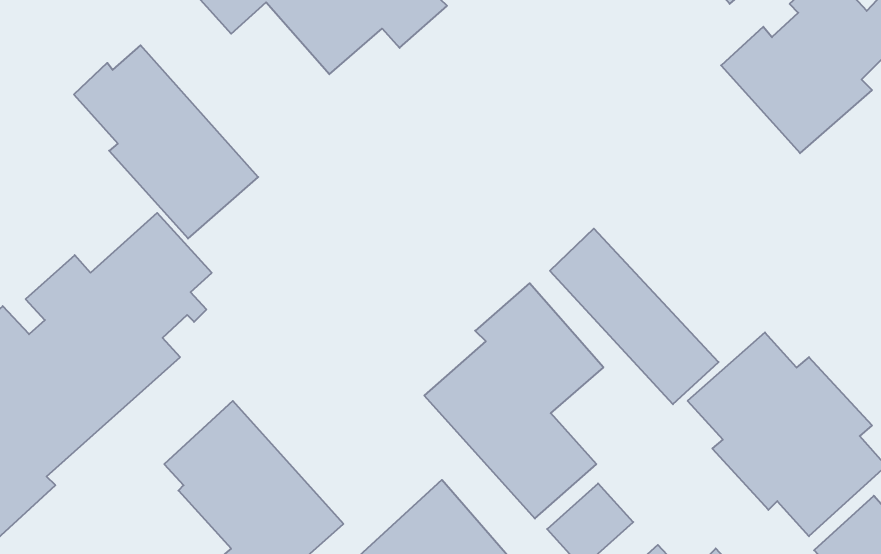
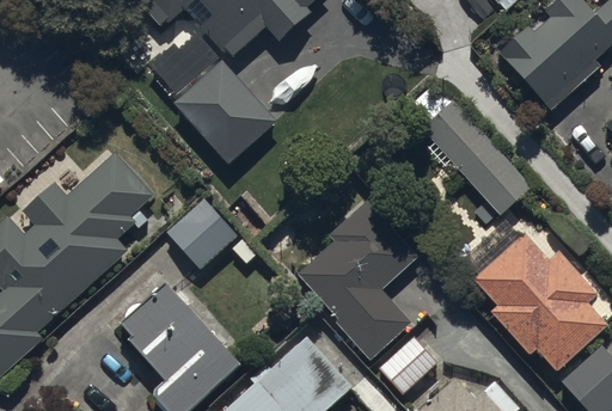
building: [74,45,258,239] -> [151,31,276,162]
building: [550,229,719,404] -> [417,94,532,214]
building: none -> [165,196,238,269]

